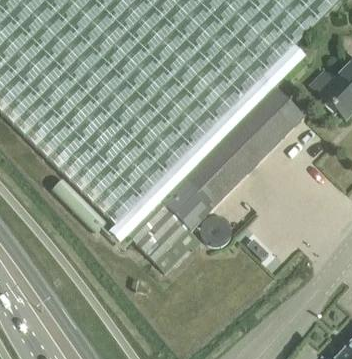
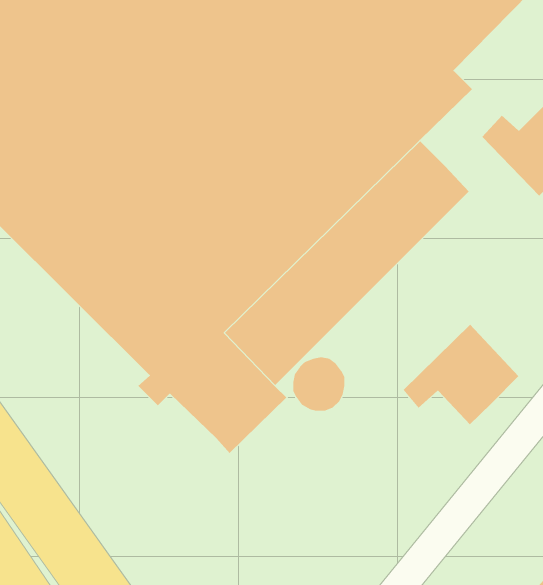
building: none -> [403,324,519,425]

